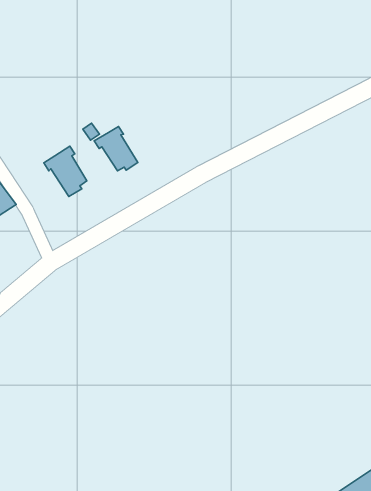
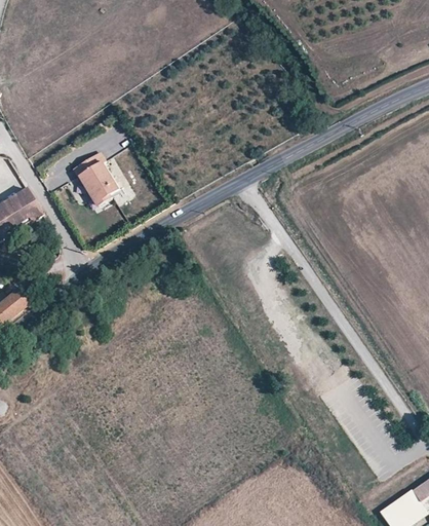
building: [94,126,138,171] -> none

